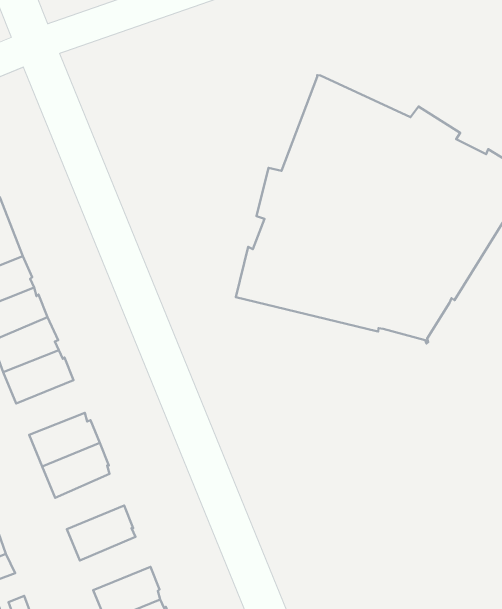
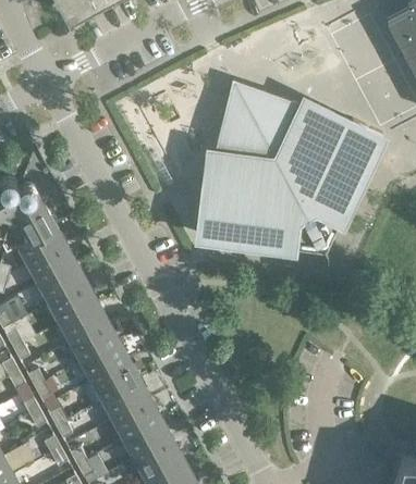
building: none -> [61,303,107,343]
building: none -> [94,362,139,401]
building: none -> [114,401,161,439]

